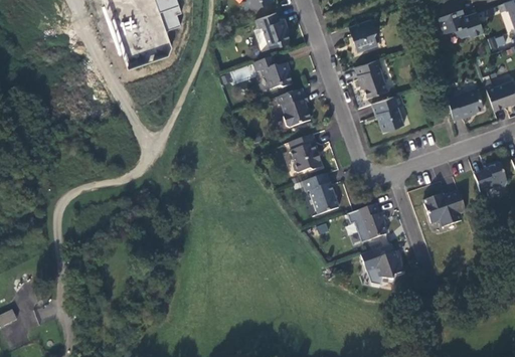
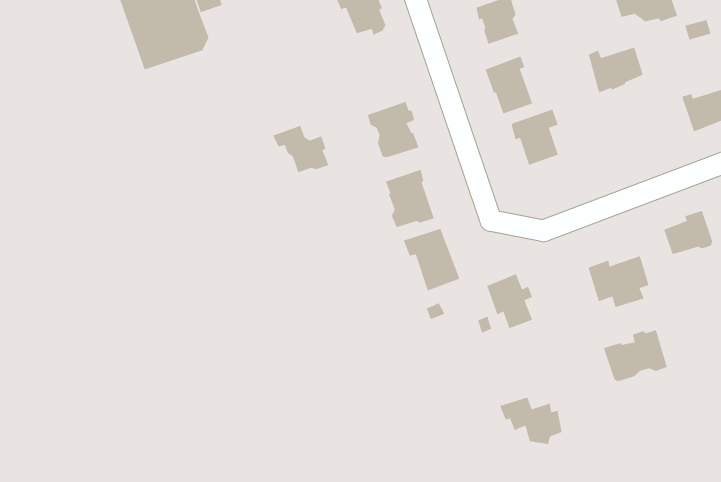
building: [253,56,292,88] -> [272,125,329,173]
building: [447,88,484,120] -> [588,47,644,93]
building: none -> [603,329,668,382]
building: [360,247,402,280] -> [499,396,563,445]

